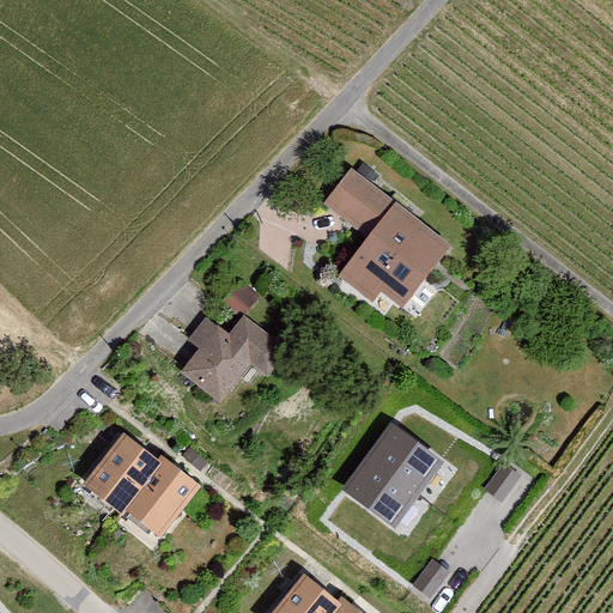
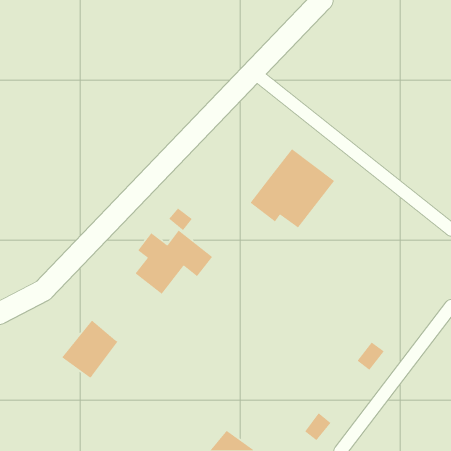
building: [322,168,395,238] -> none
building: [340,423,444,529] -> none
building: [126,456,200,538] -> none

